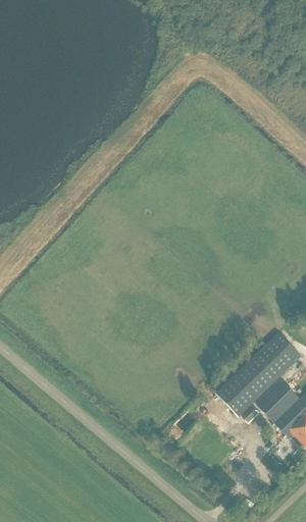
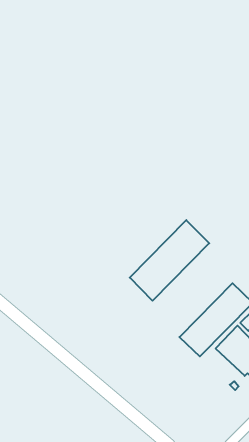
building: none -> [130,220,209,301]

